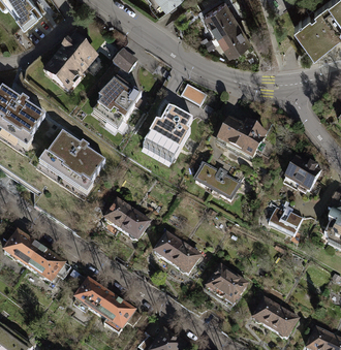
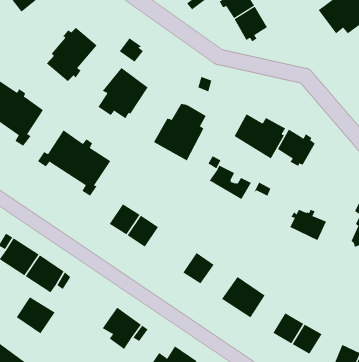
building: [285,158,320,192] -> [277,129,316,166]
building: [154,233,184,263] -> none
building: [75,280,112,314] -> [16,297,56,334]

